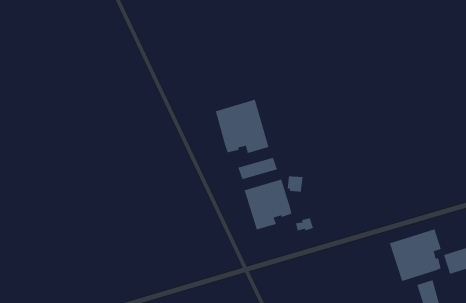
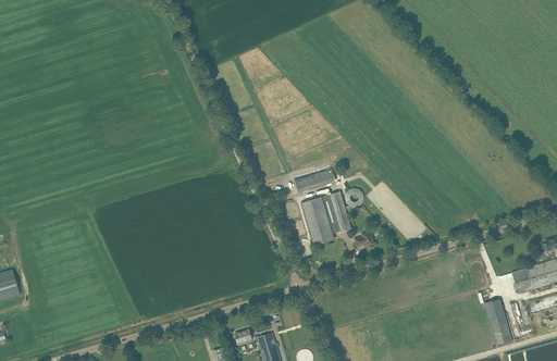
building: [215,99,269,154] -> none
building: [389,229,441,282] -> none

